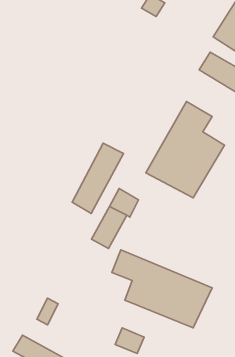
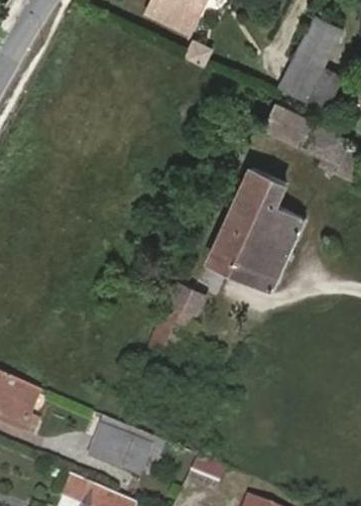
building: [72,143,123,214] -> none
building: [112,250,212,328] -> none
building: none -> [103,431,143,471]

